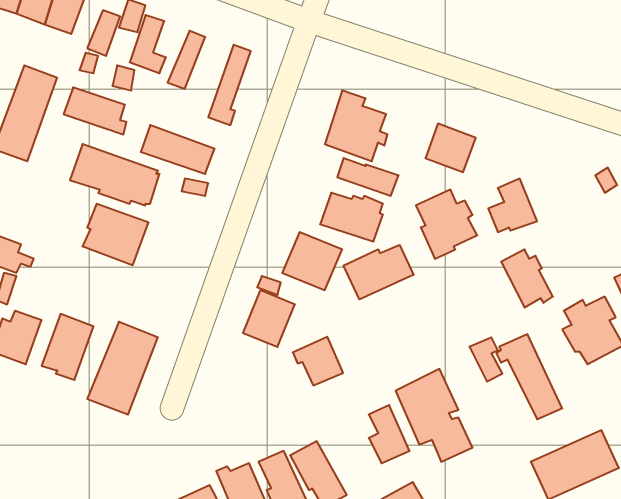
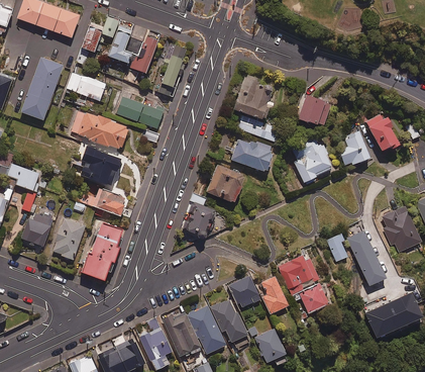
building: [344,245,414,299] -> none
building: [501,249,553,308] -> [365,113,399,151]
building: none -> [81,186,126,216]
building: [293,337,343,385] -> [227,276,259,307]

